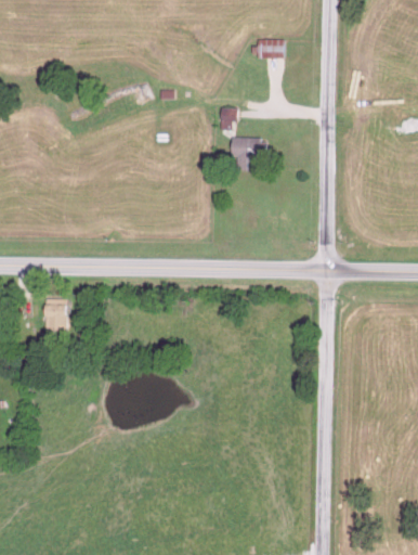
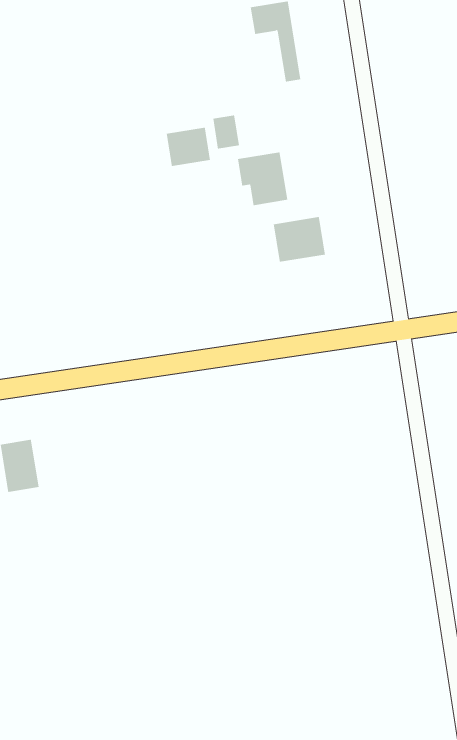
building: none -> [166,127,211,167]
building: none -> [273,216,325,263]

